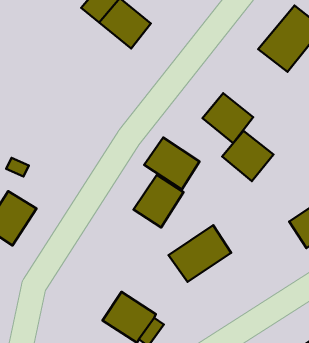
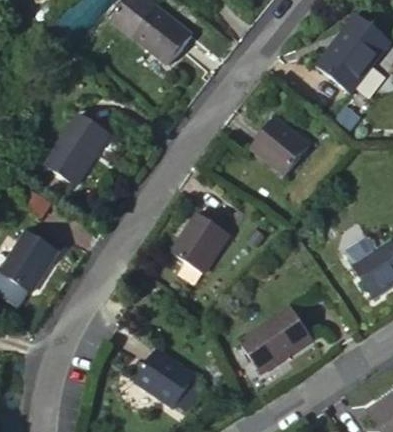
building: none -> [42,113,109,187]
building: [222,131,273,181] -> none
building: [144,137,200,190] -> none
building: [168,225,231,282] -> [238,306,311,372]

